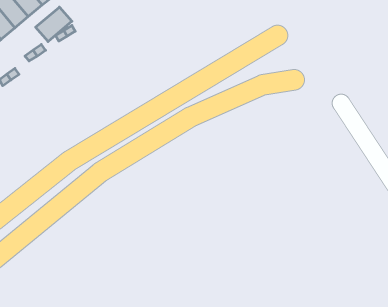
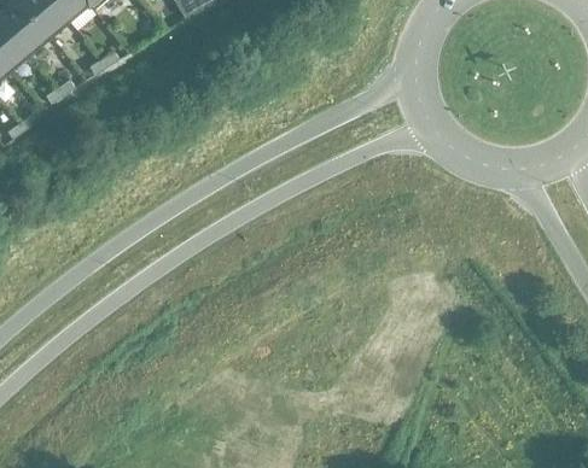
building: [36,7,72,42] -> none

